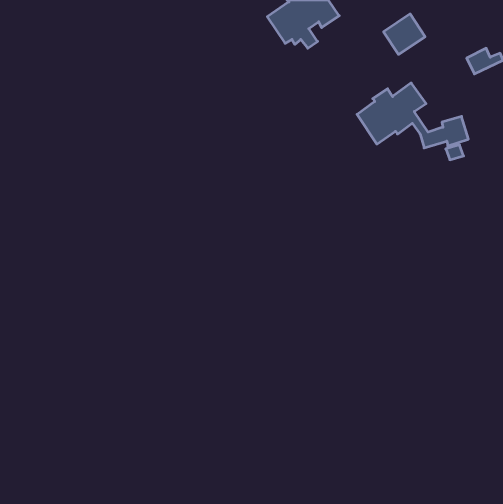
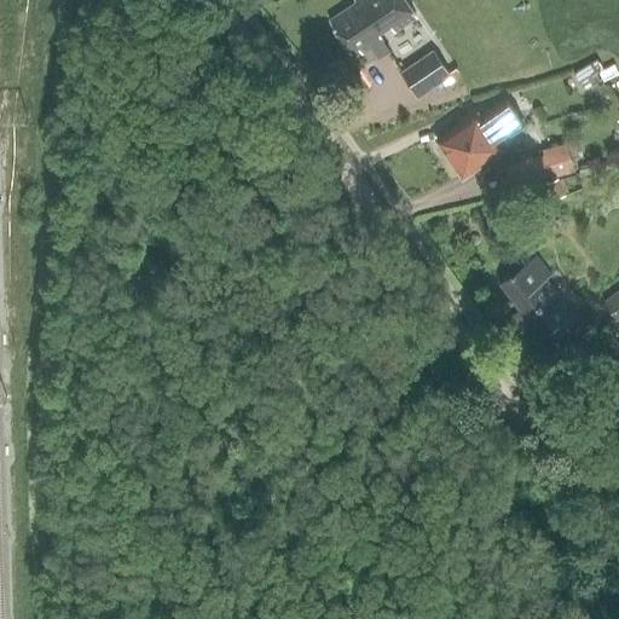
building: [384,14,425,54] -> [399,50,450,99]
building: none -> [499,255,574,351]

